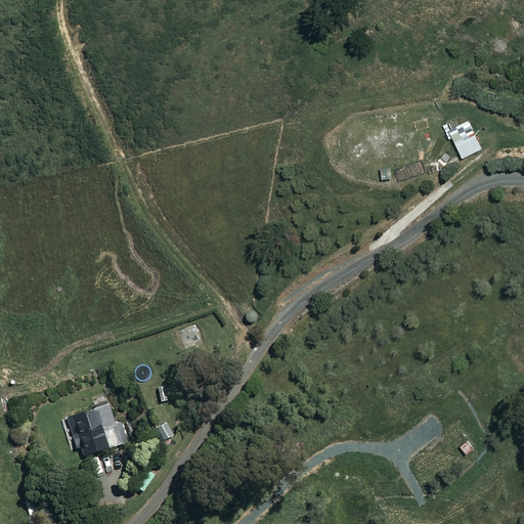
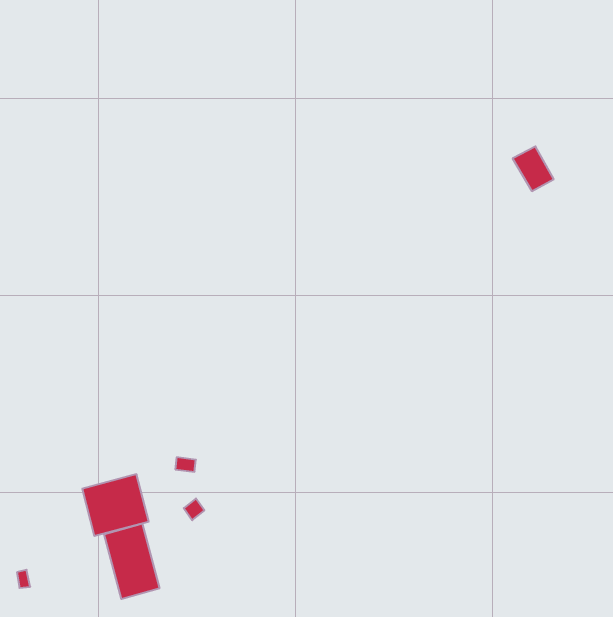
building: none -> [104,524,159,599]

